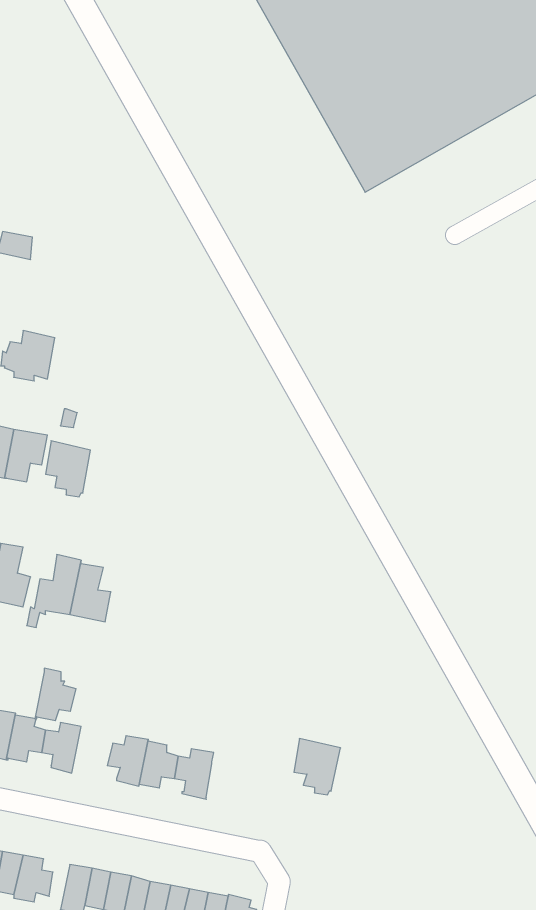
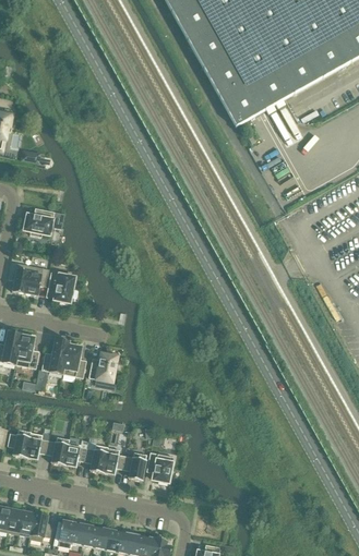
building: none -> [88,351,117,382]
building: [35,668,76,721] -> [63,436,87,467]
building: [294,739,341,795] -> [146,451,173,484]

